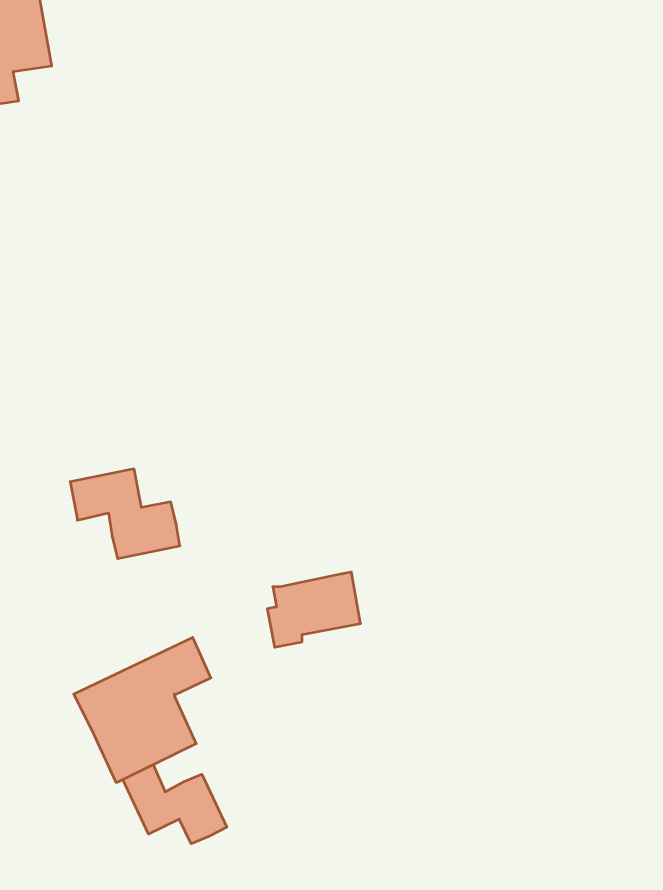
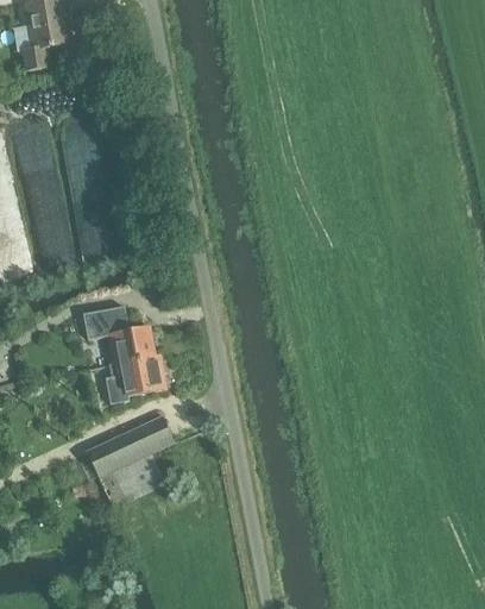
building: [267,572,361,647] -> [105,354,165,403]
building: [123,765,227,844] -> none

